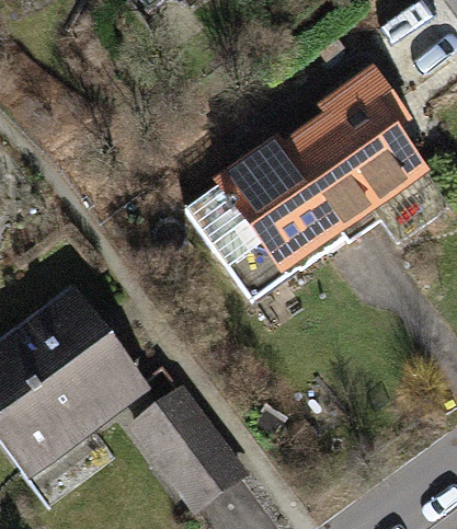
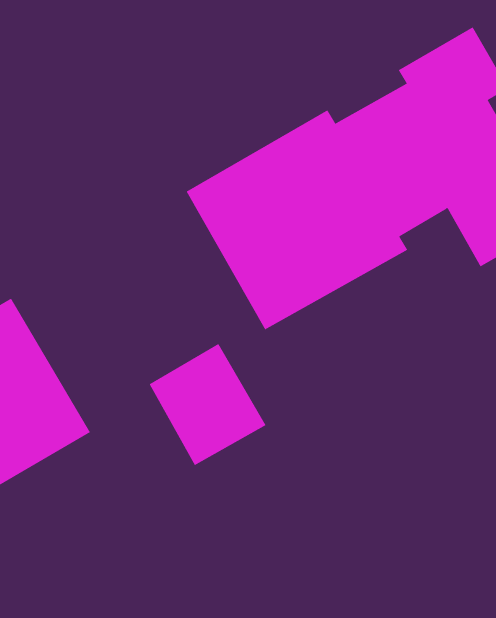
building: [156,413,241,501] -> [149,343,266,466]

